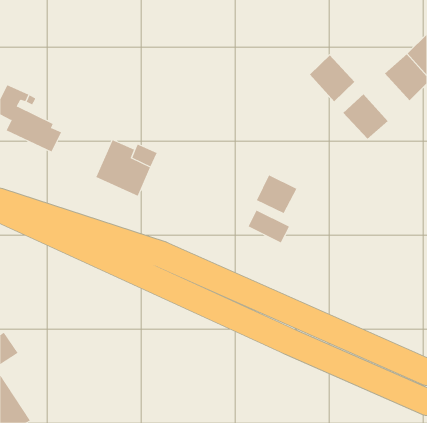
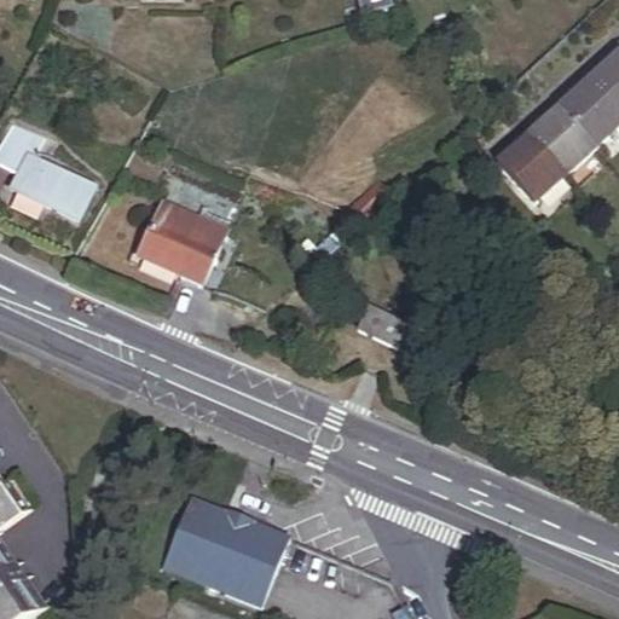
building: [309,54,355,102] -> [525,106,591,175]
building: [256,174,297,214] -> none
building: none -> [162,496,289,606]

